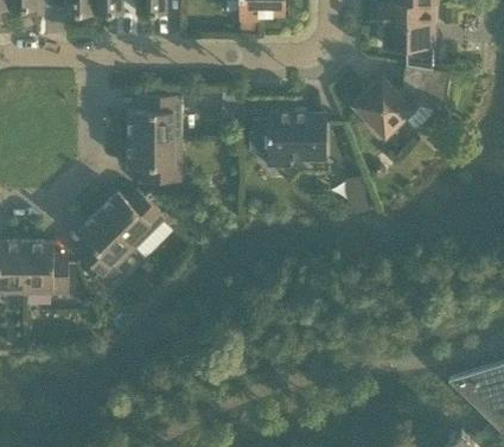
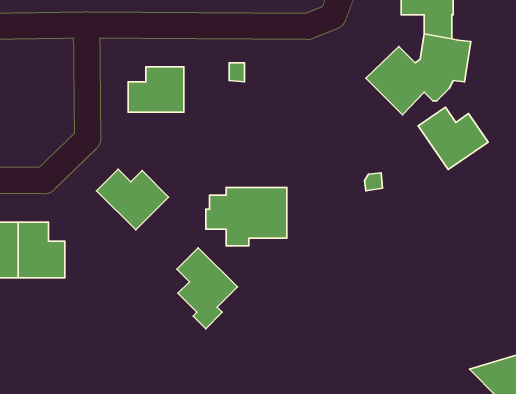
building: [249,114,325,168] -> [206,188,287,246]
building: none -> [418,107,488,169]
building: [128,140,180,184] -> none
building: [78,213,135,289] -> [177,248,237,329]

